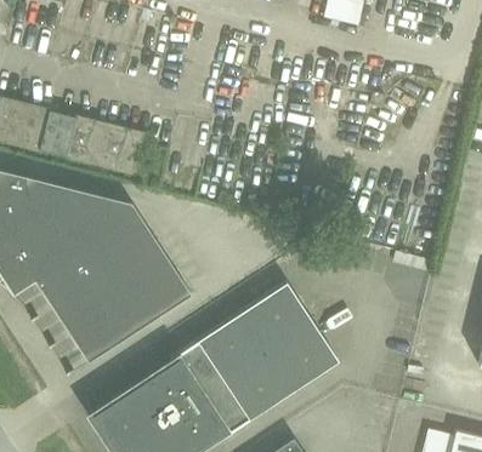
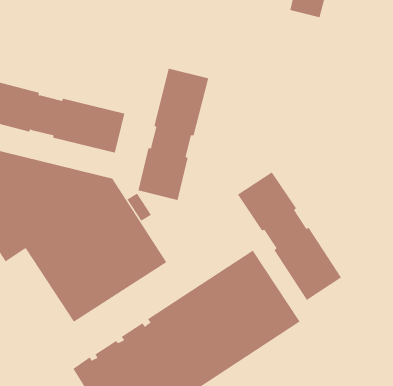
building: none -> [138,68,209,201]
building: none -> [237,171,342,301]

